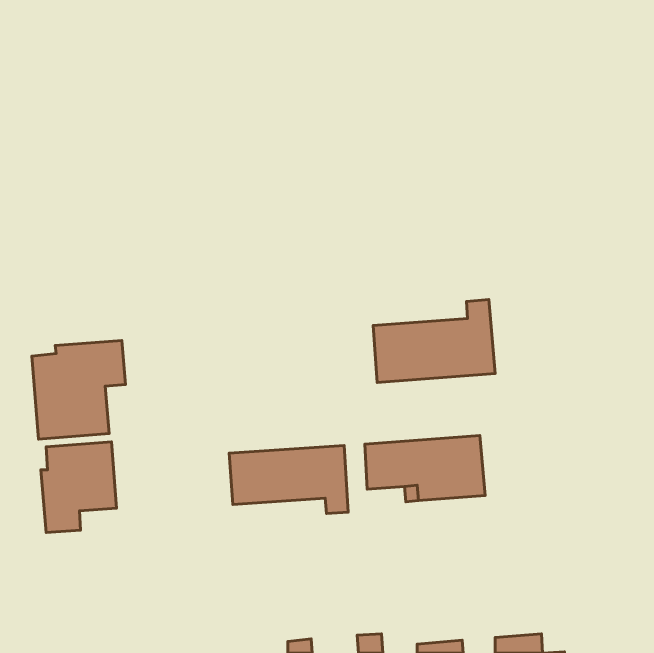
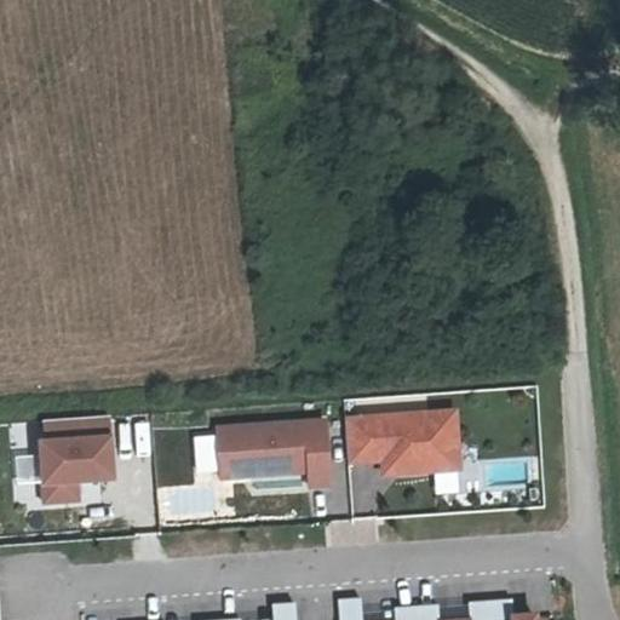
building: [373,299,495,383] -> none
building: [32,340,125,439] -> none

